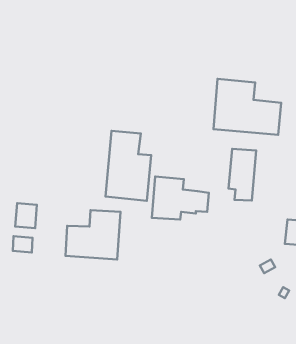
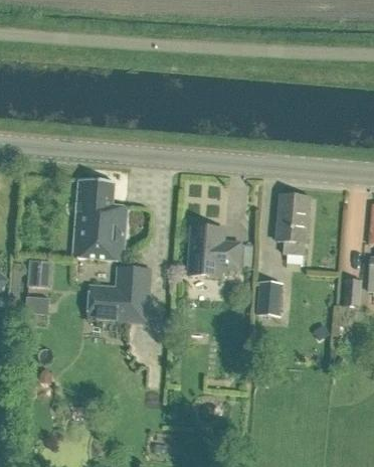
building: [213,79,281,135] -> none
building: [105,131,151,201] -> [72,178,126,260]
building: none -> [256,281,283,316]

